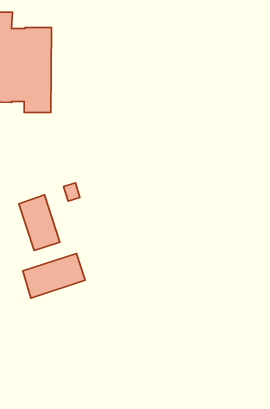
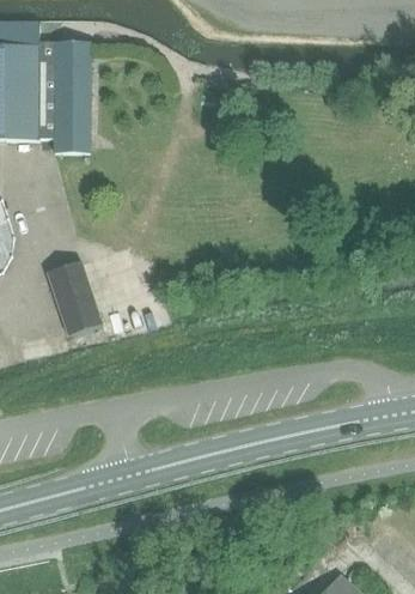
building: [23,254,85,298] -> none

